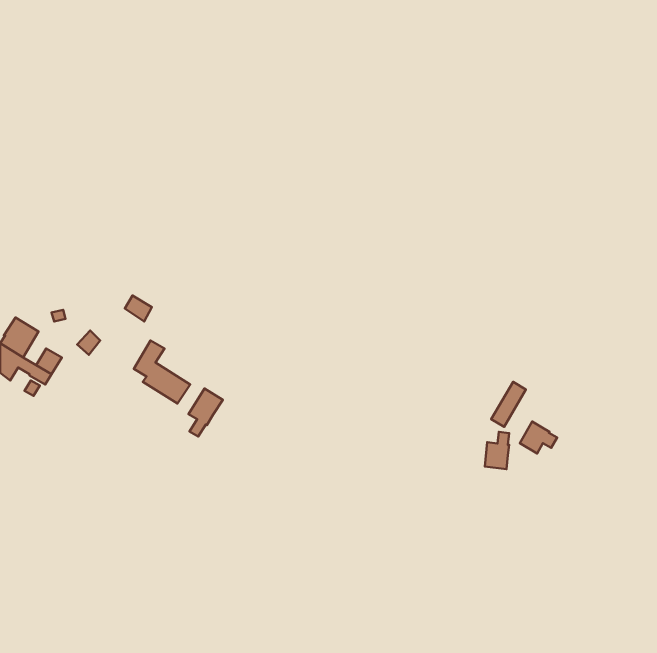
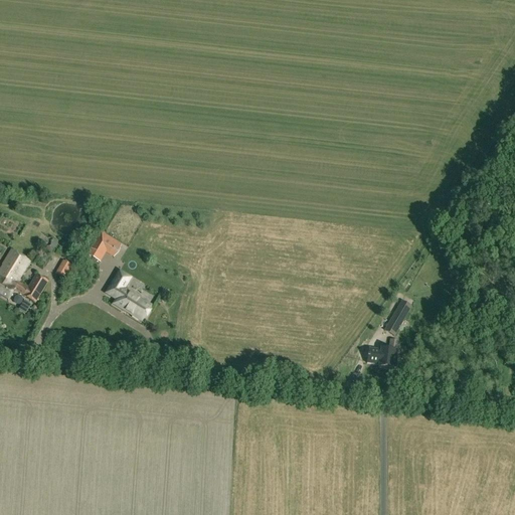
building: [189,389,223,437] -> none
building: [520,421,557,453] -> none

